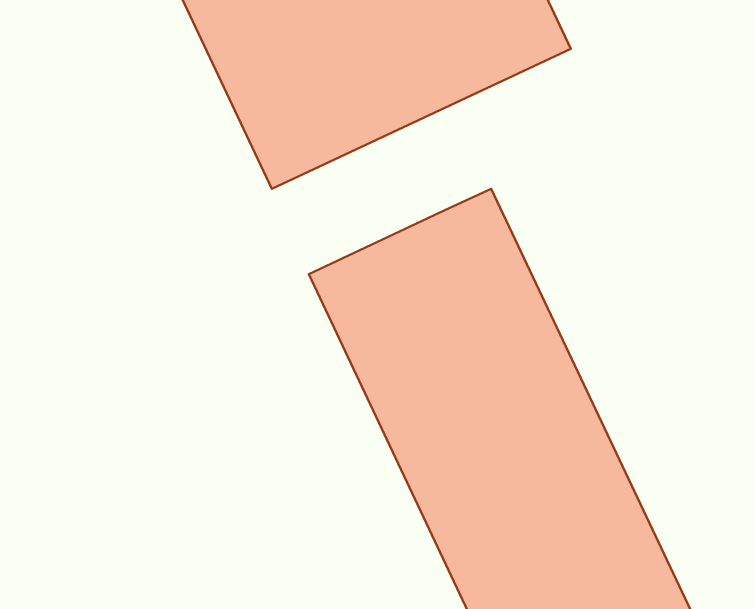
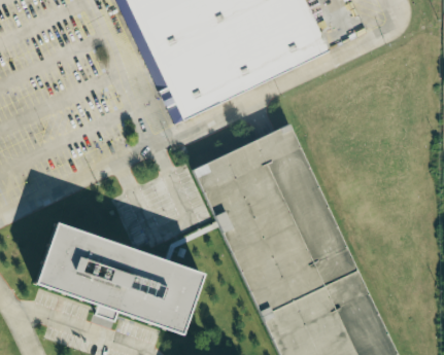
building: none -> [35,222,203,334]

